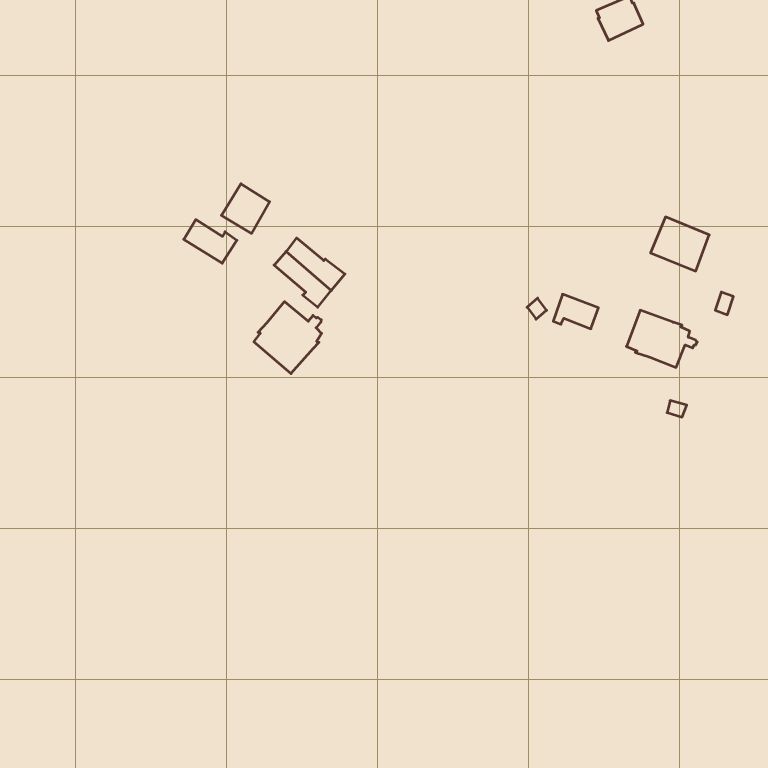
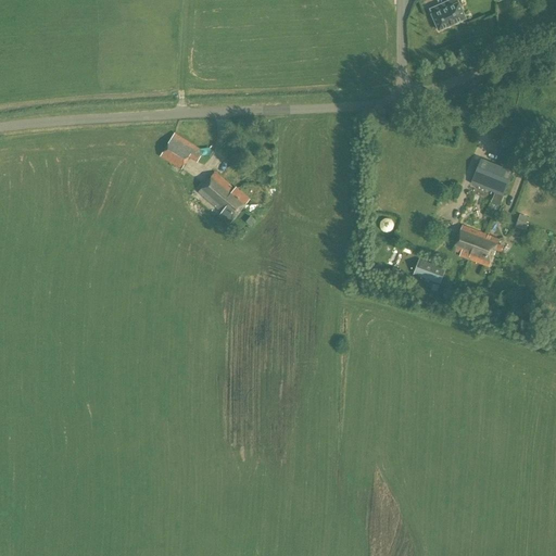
building: [184,220,237,263] -> none
building: [553,294,598,329] -> [412,258,444,283]
building: [254,302,322,374] -> none

